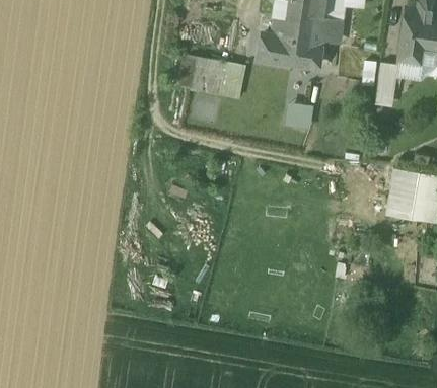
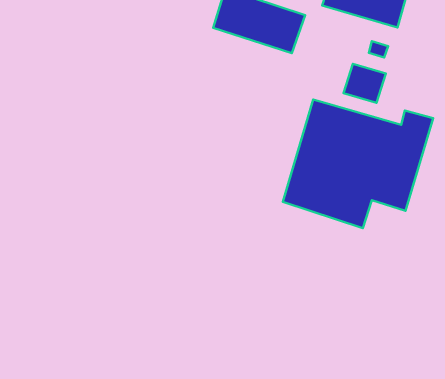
building: none -> [283,100,433,228]

